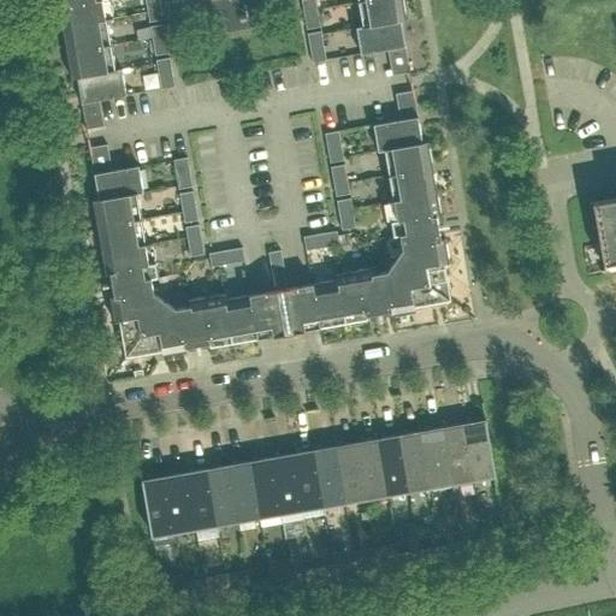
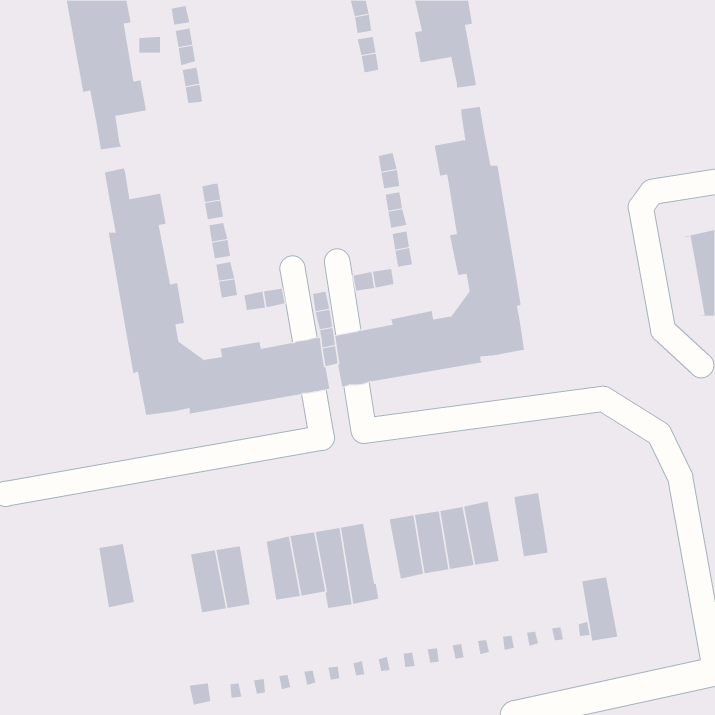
building: [463,420,494,475] -> [582,577,618,641]
building: [420,427,450,482] -> none
building: [313,446,344,502] -> none
building: [207,466,237,520] -> none
building: [142,476,173,532] -> [98,543,135,608]

